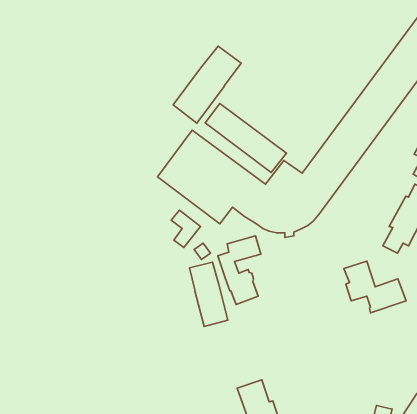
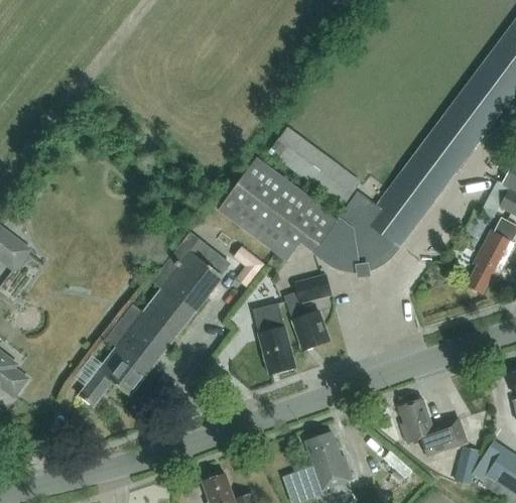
building: [173,46,241,123] -> none
building: none -> [79,233,229,406]
building: [344,261,406,313] -> [398,398,467,455]

